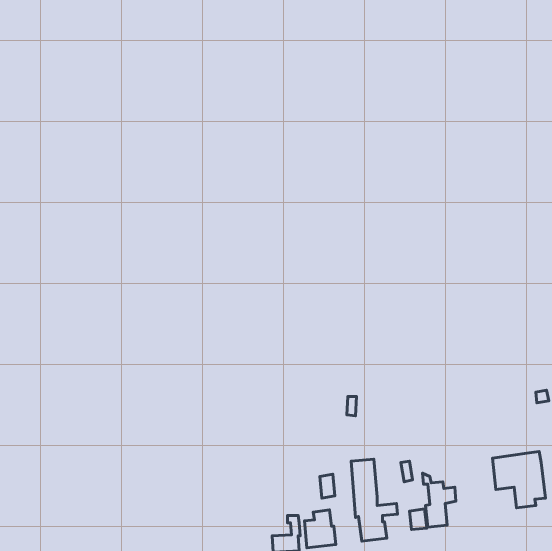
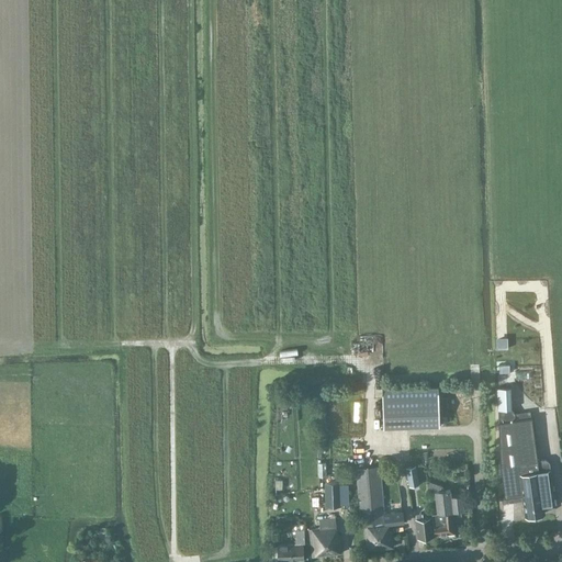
building: none -> [496,389,538,467]
building: none -> [382,397,439,429]

